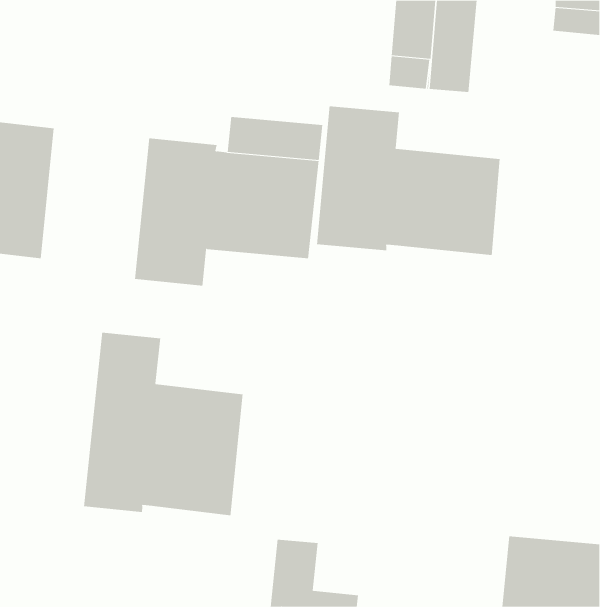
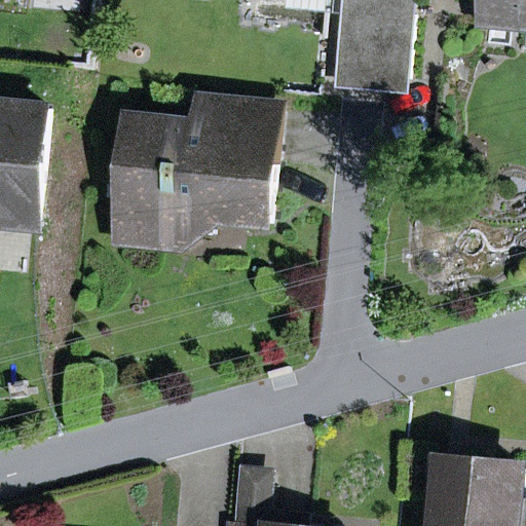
building: [316,105,500,256] -> none
building: [83,332,243,516] -> none

